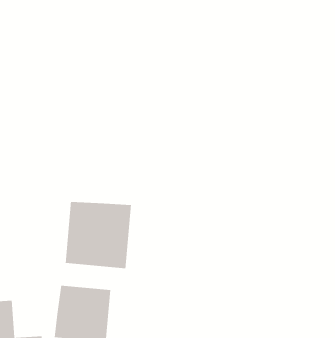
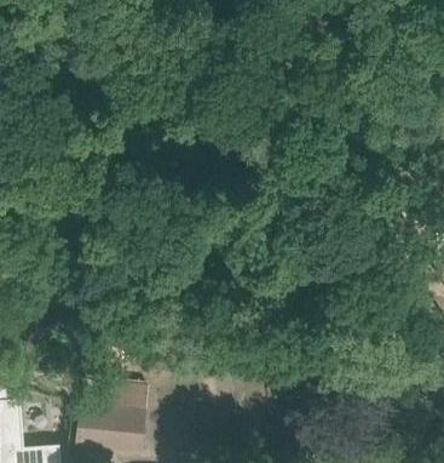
building: [65,201,132,269] -> none

